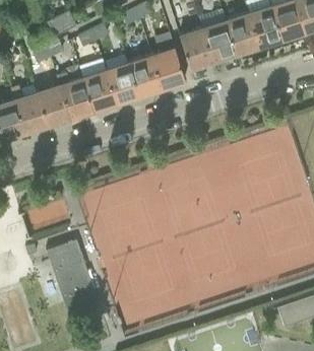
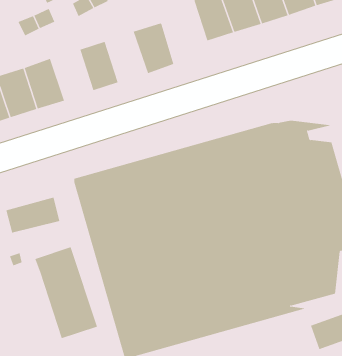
building: [152,46,186,87] -> none
building: [106,60,141,102] -> none
building: [58,73,96,118] -> none

